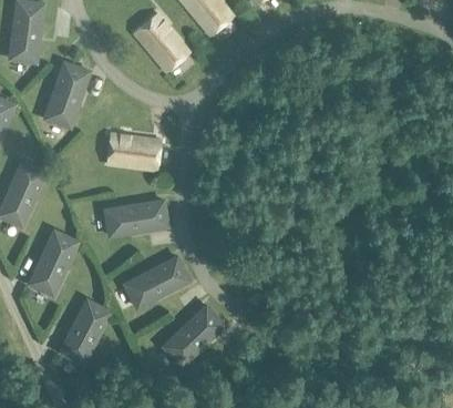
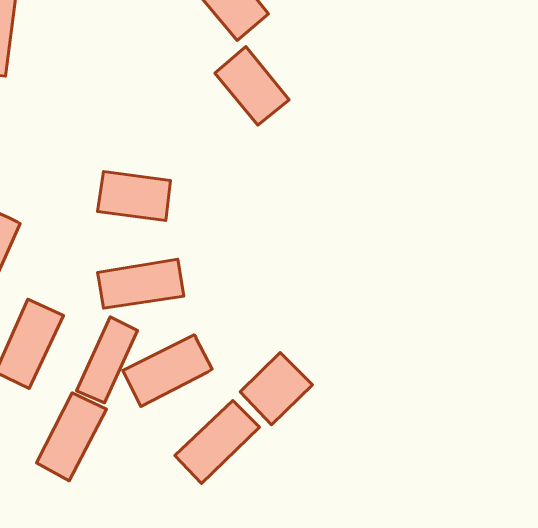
building: [132,13,187,72] -> [215,46,289,125]
building: [43,62,90,128] -> none
building: none -> [76,317,138,403]
building: none -> [240,352,313,425]

